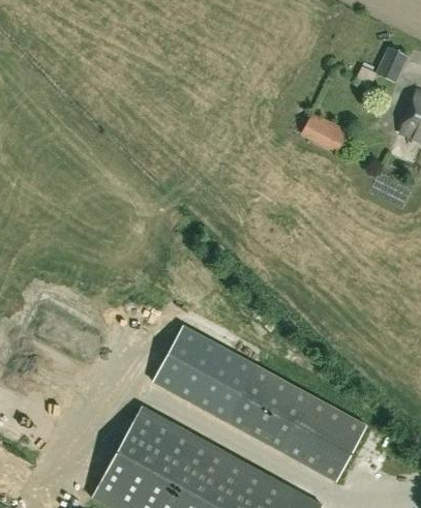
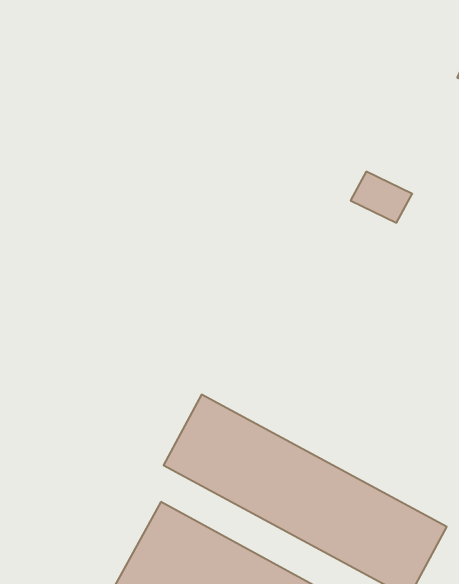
building: [302,112,351,152] -> [351,172,412,223]

